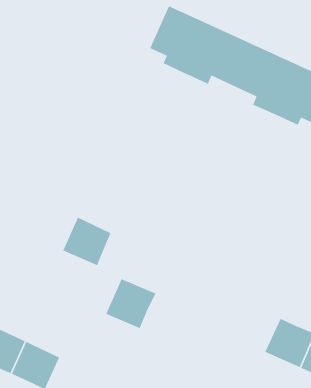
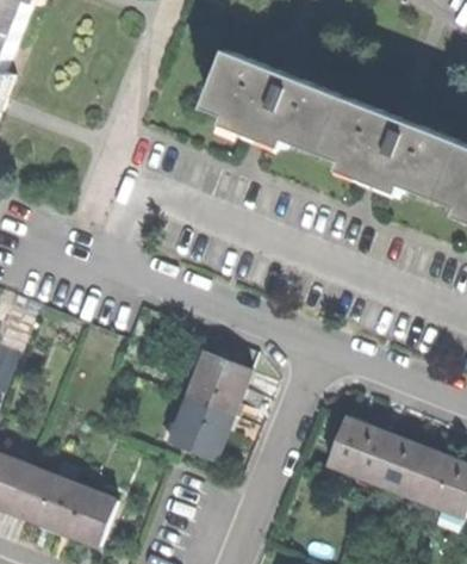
building: [62,217,112,266] -> [183,353,244,414]
building: none -> [324,419,386,481]

